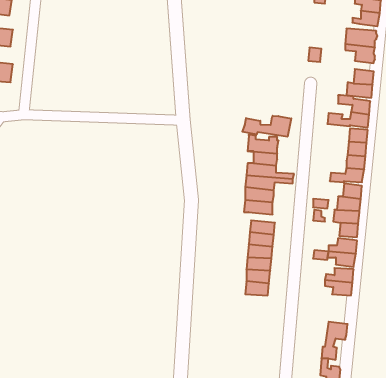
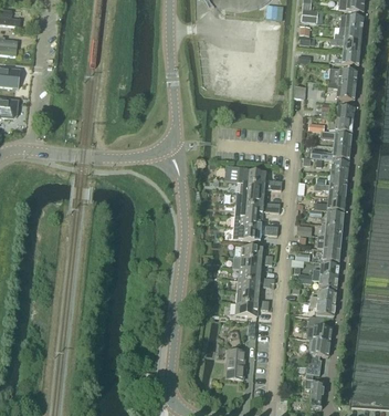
building: [242,116,291,137] -> none
building: none -> [305,315,332,342]
building: none -> [224,350,243,378]

